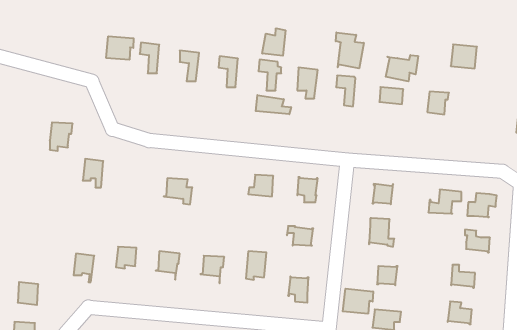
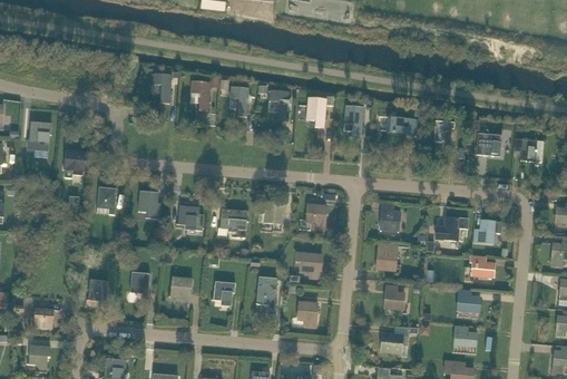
building: [262,28,285,56] -> none
building: [336,32,364,68] -> none
building: [106,36,134,60] -> none
building: [451,44,477,68] -> [476,133,501,156]
building: [386,55,418,81] -> none
building: none -> [27,122,51,150]
building: [256,95,291,114] -> none
building: none -> [138,191,160,218]
building: none -> [217,208,247,237]
building: [343,289,373,314] -> none

